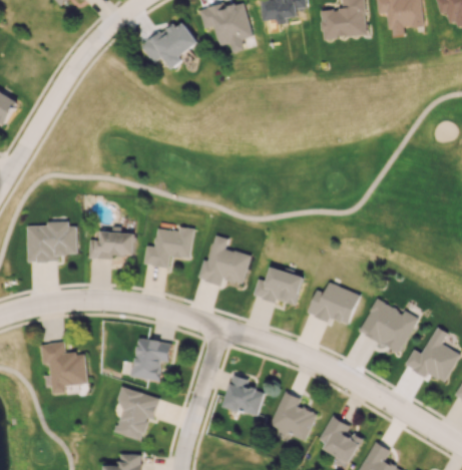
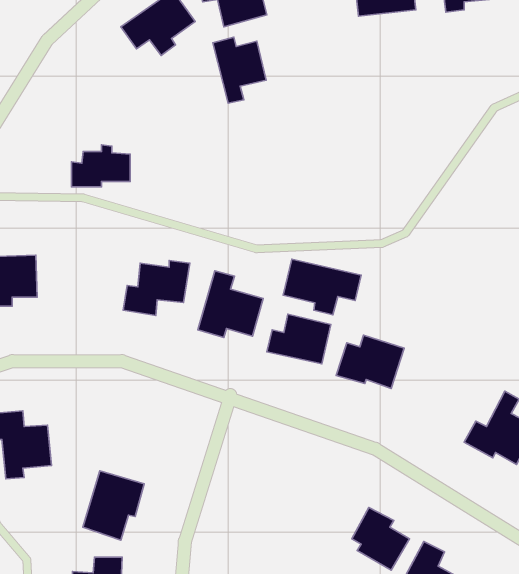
building: none -> [213,37,266,103]
building: none -> [283,259,361,315]
building: [89,226,134,259] -> [72,145,130,187]
building: [359,299,418,353] -> none
building: [132,339,171,381] -> none
building: [223,375,264,416] -> none
building: [268,392,317,441] -> none

